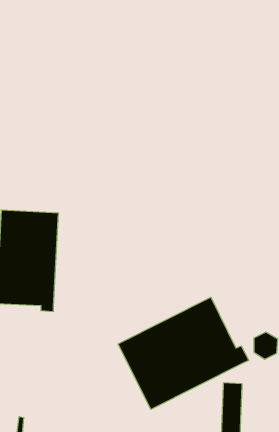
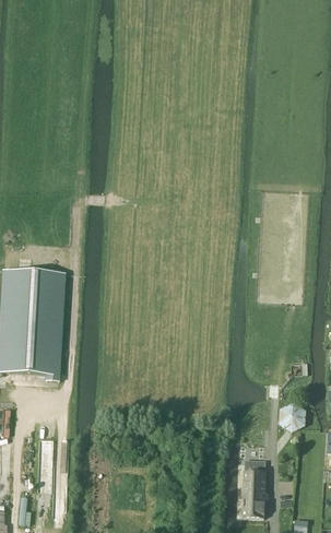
building: [118,297,249,409] -> none

